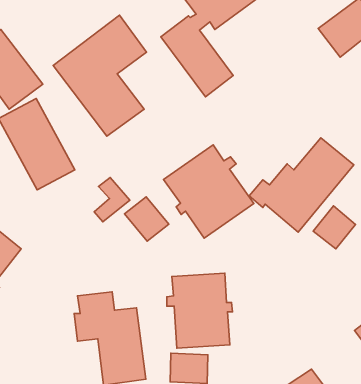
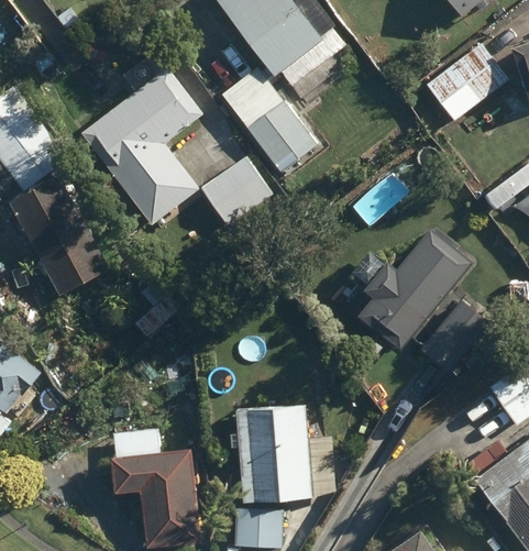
building: none -> [201,156,273,224]
building: [164,145,254,238] -> none
building: [125,197,169,241] -> none

